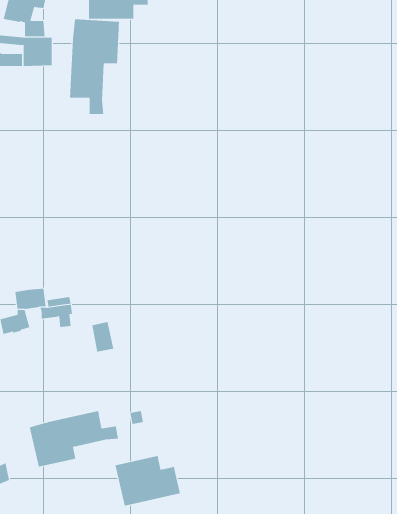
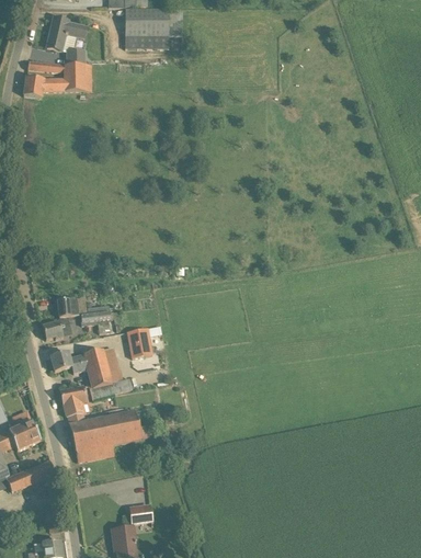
building: [69,18,119,115] -> none
building: none -> [49,346,132,398]
building: none -> [59,386,88,425]
building: [115,455,180,506] -> none

